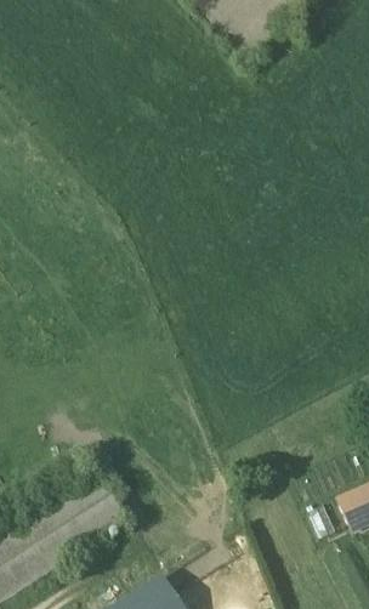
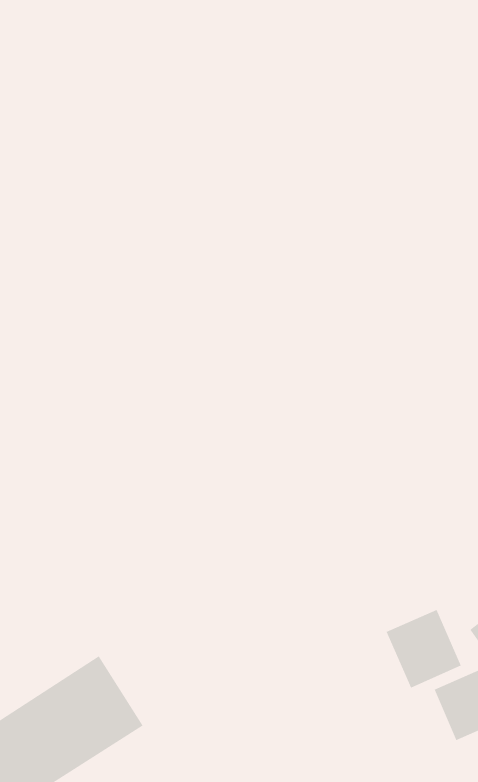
building: none -> [386,609,462,688]

